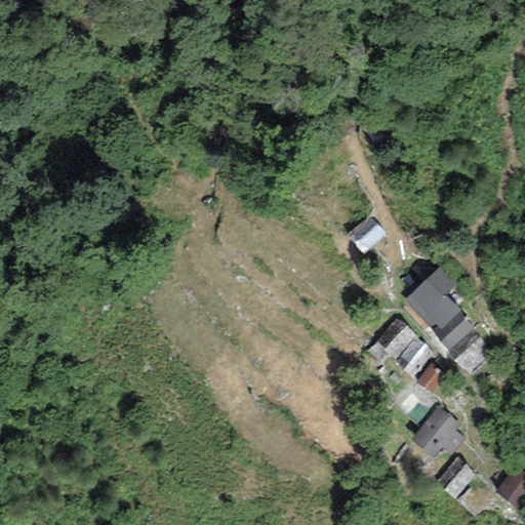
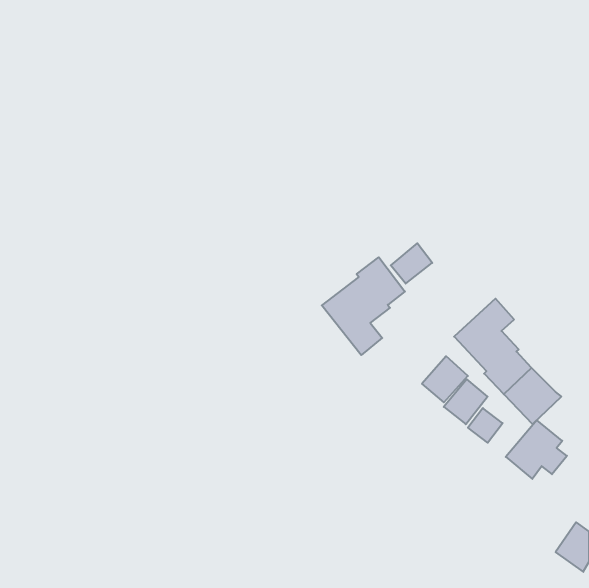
building: none -> [322,257,405,355]
building: [410,406,465,458] -> [506,420,567,479]
building: [437,456,476,497] -> none

